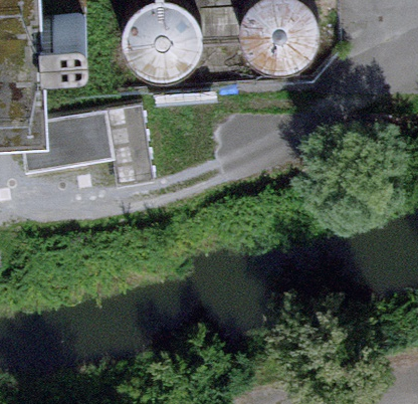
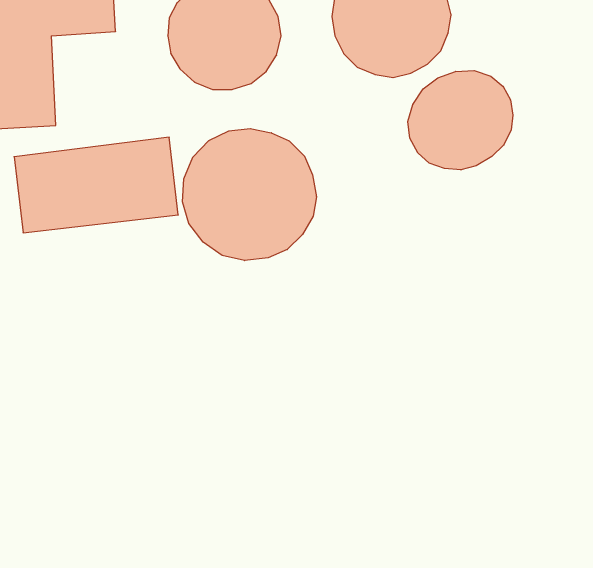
building: none -> [408,71,513,170]
building: none -> [182,129,316,261]

